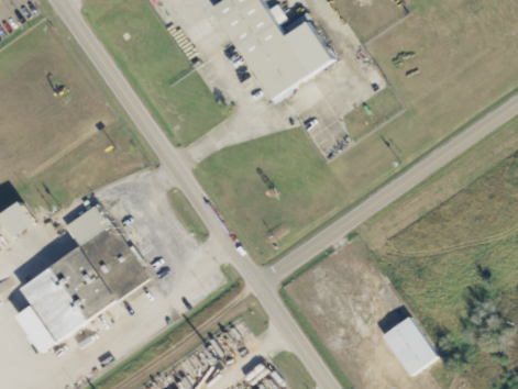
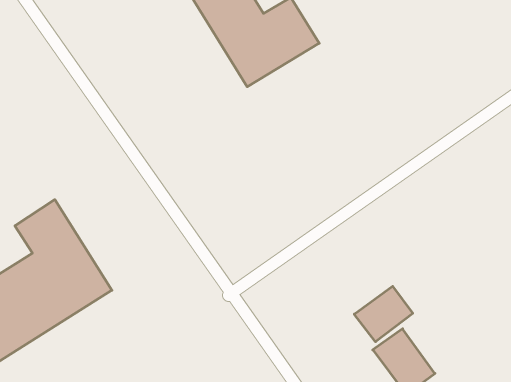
building: none -> [354,286,413,342]

